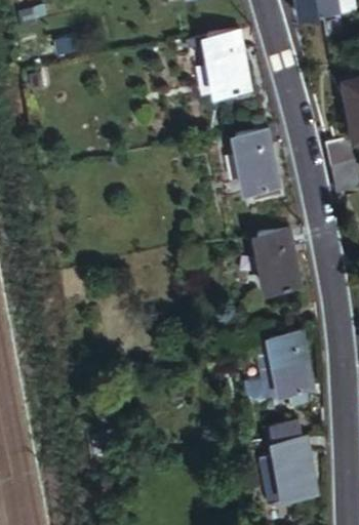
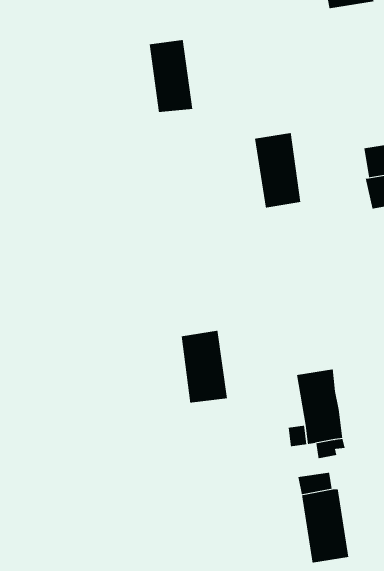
building: [205,33,243,95] -> [149,39,193,113]
building: [260,232,300,294] -> [181,330,228,403]

